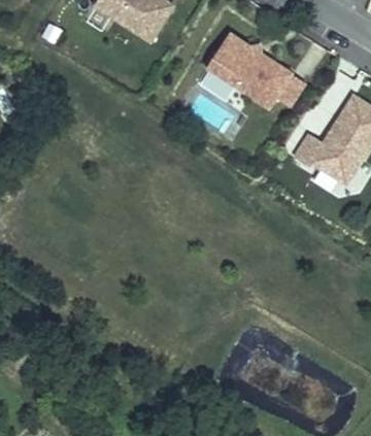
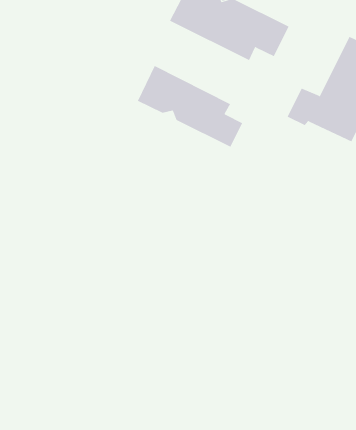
building: none -> [137,65,243,148]

